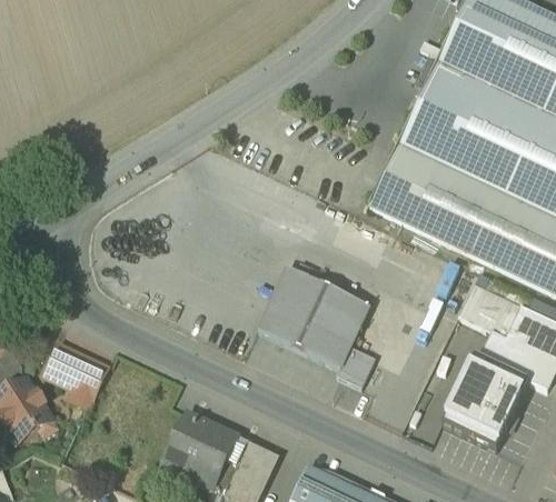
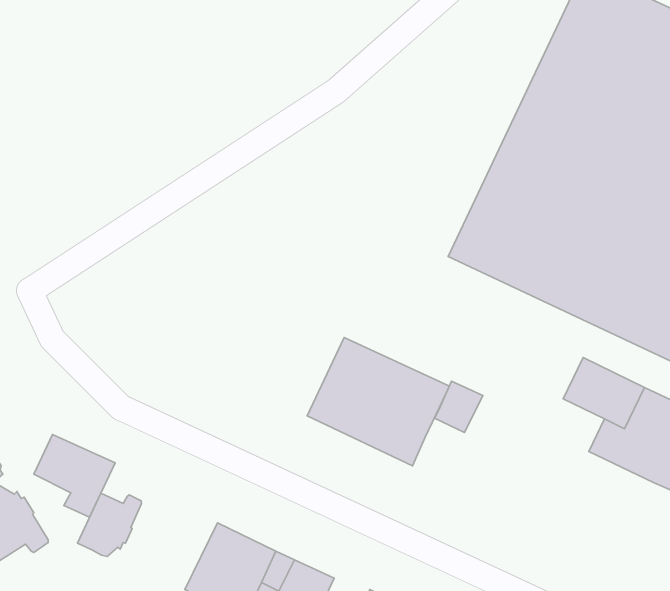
building: [337,345,375,385] -> [434,381,483,433]
building: [441,354,529,449] -> none
building: none -> [78,493,141,557]

